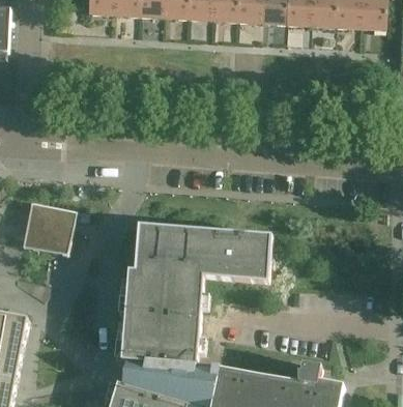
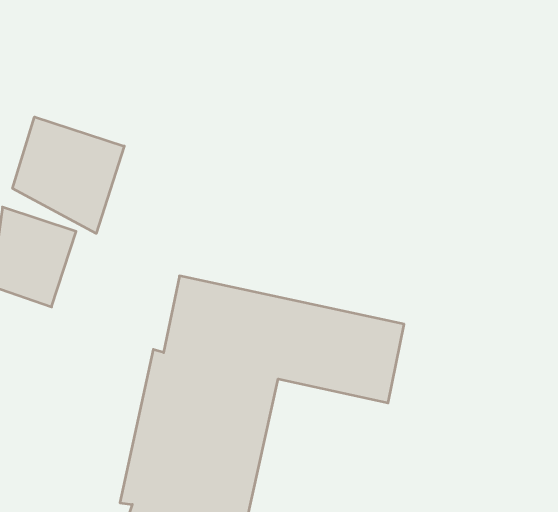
building: none -> [13,117,124,233]

